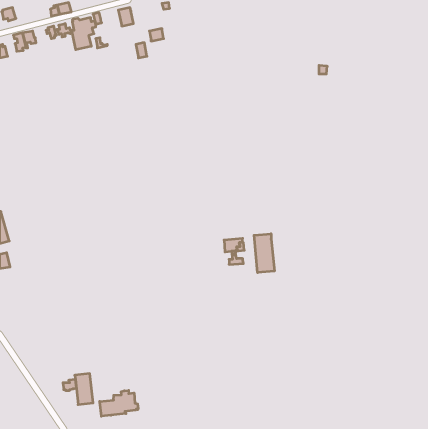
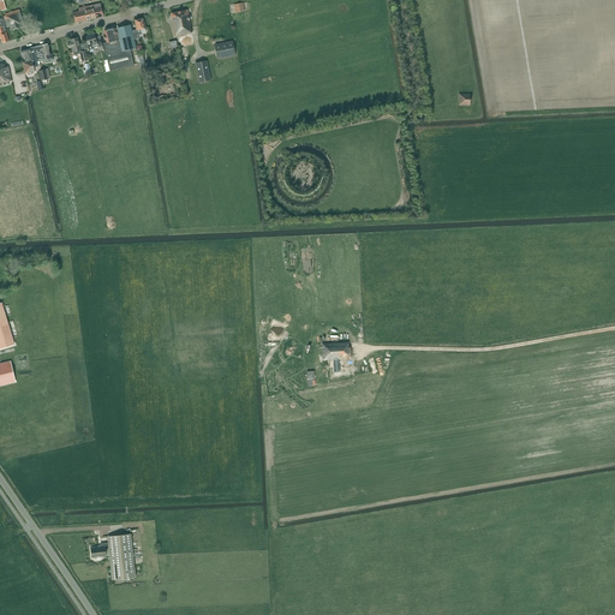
building: [254,234,274,273] -> none
building: [100,390,138,416] -> none

